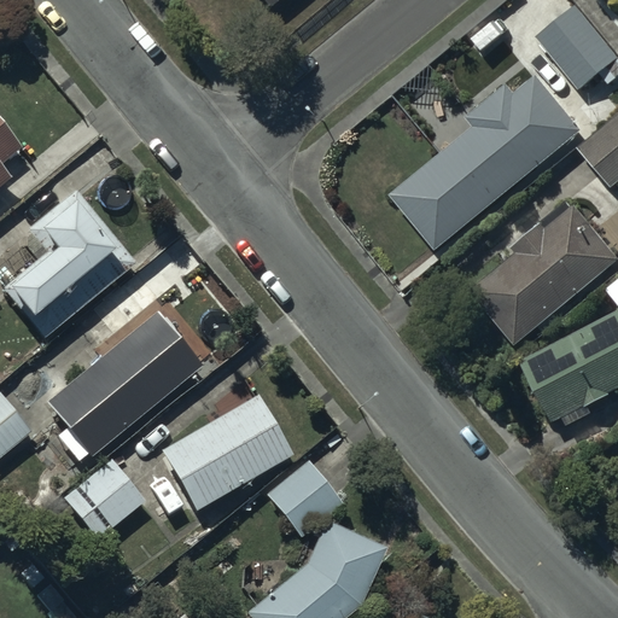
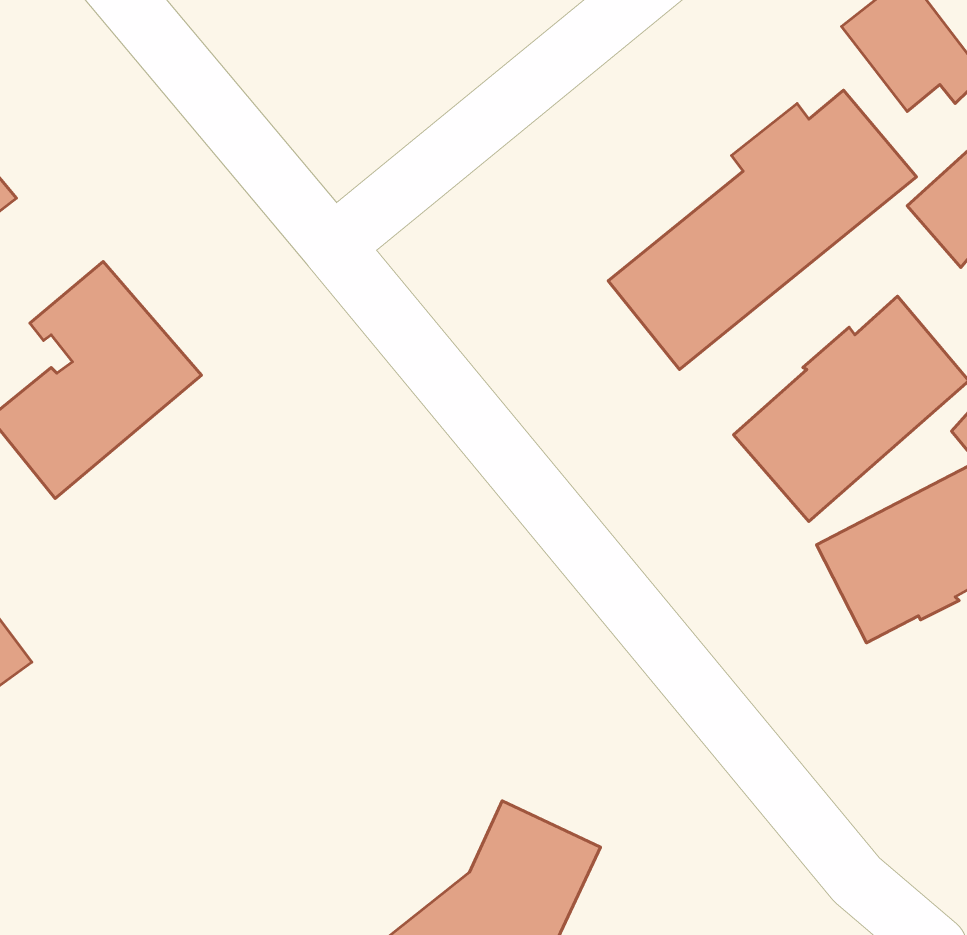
building: [45,314,200,460] -> none
building: [159,397,290,513] -> none
building: [63,459,144,540] -> none
building: [266,460,343,538] -> none

